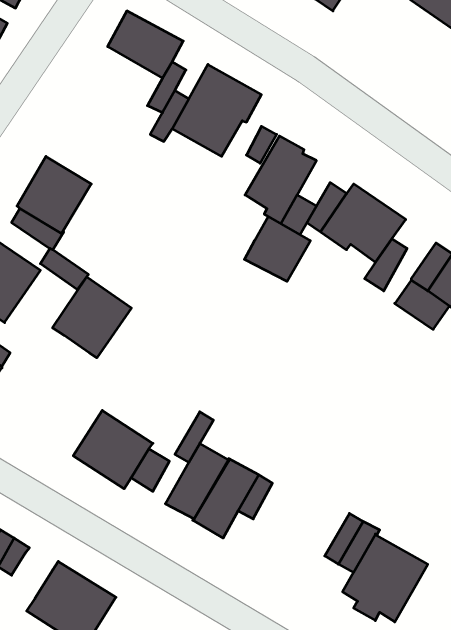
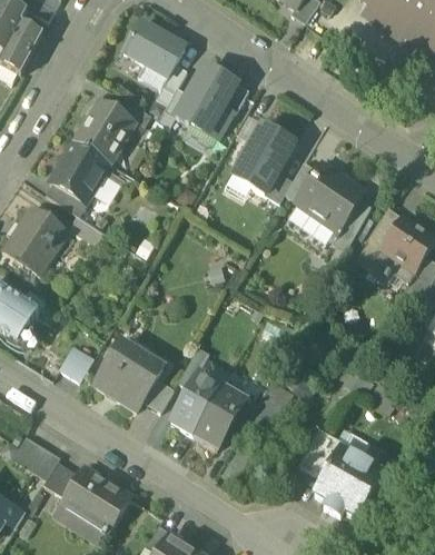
building: none -> [73,96,135,161]
building: [244,217,310,281] -> none
building: [53,277,131,358] -> none
building: none -> [59,344,93,379]
building: none -> [42,460,79,497]

